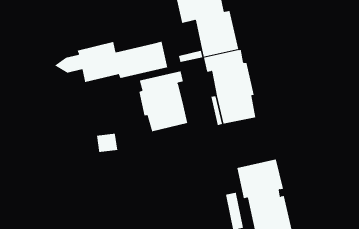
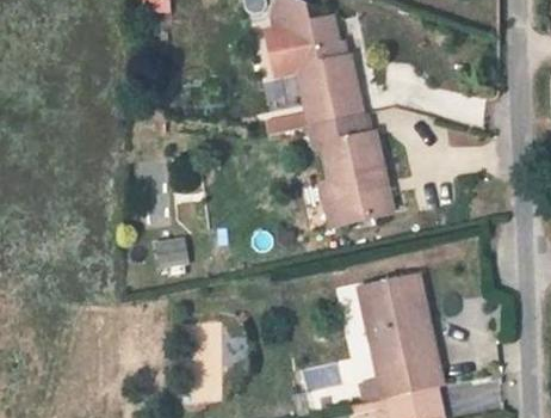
building: [54,41,168,83] -> none
building: [139,71,188,132] -> none

